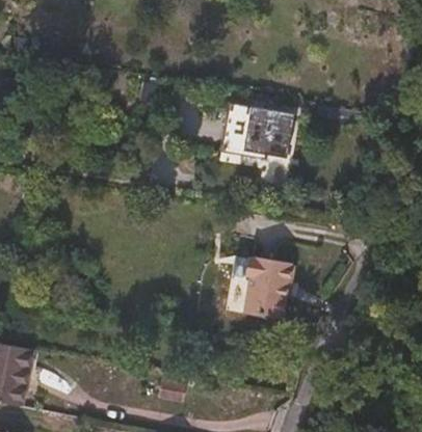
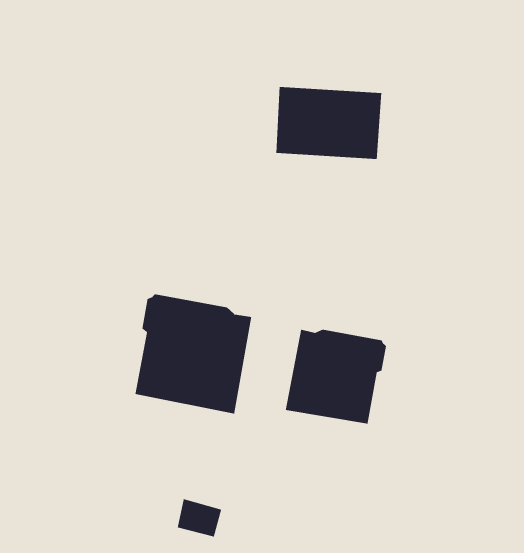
building: none -> [134,294,252,414]

